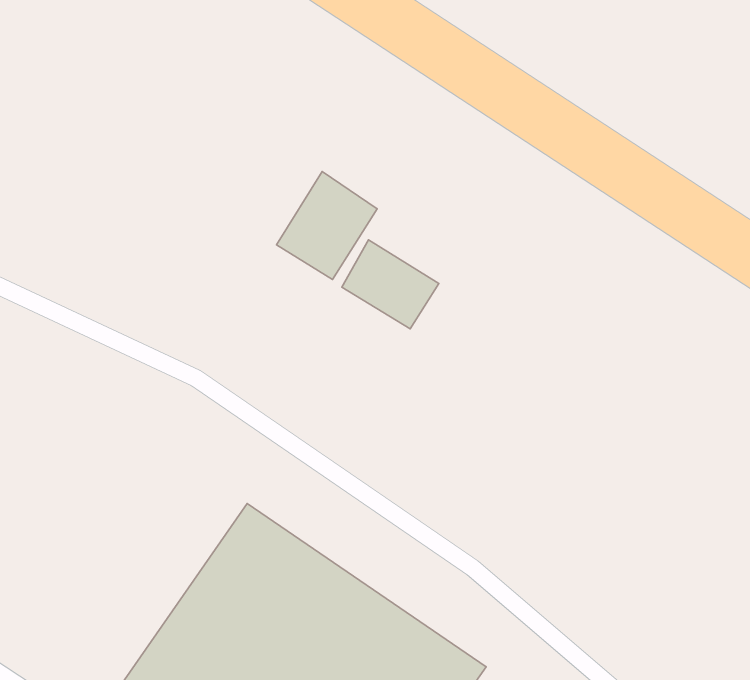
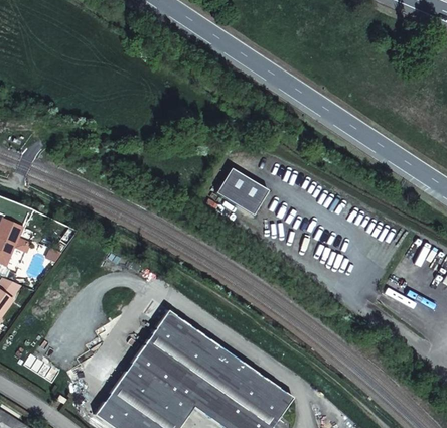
building: [277,171,377,279] -> none

